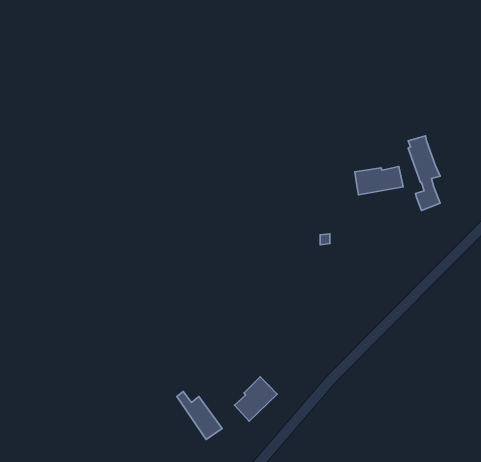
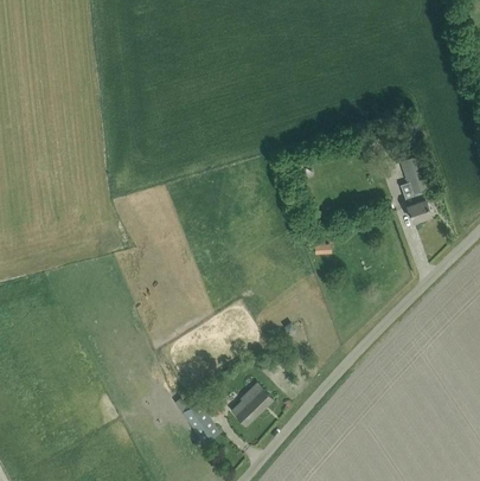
building: [355,166,403,195] -> none

